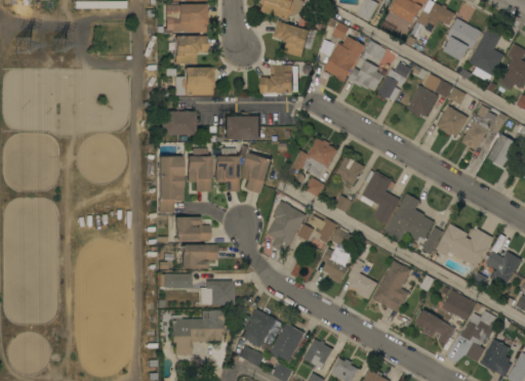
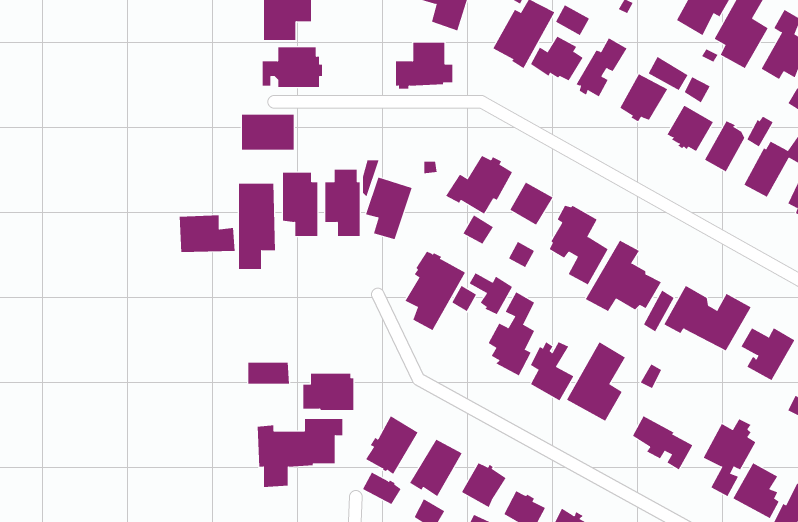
building: [225,116,259,139] -> none
building: [173,216,210,241] -> [179,215,235,253]
building: [180,245,216,268] -> none
building: [442,290,475,320] -> none

